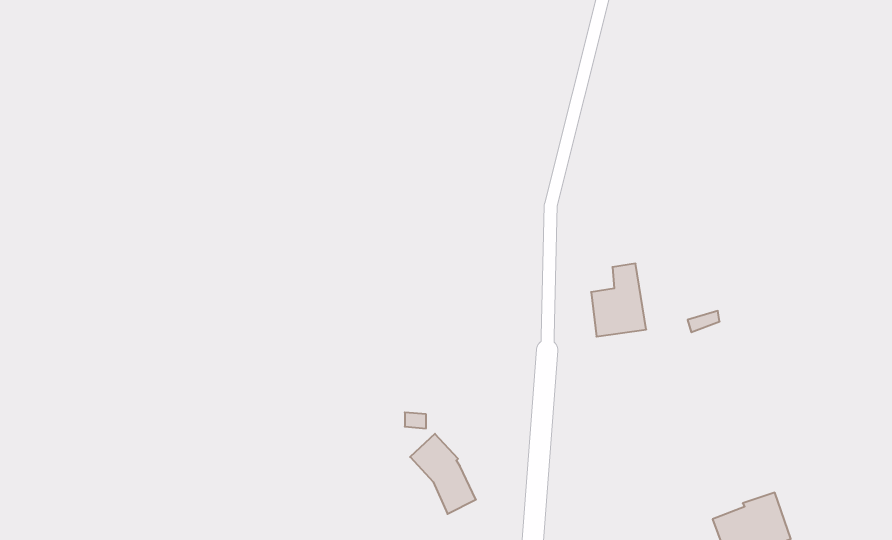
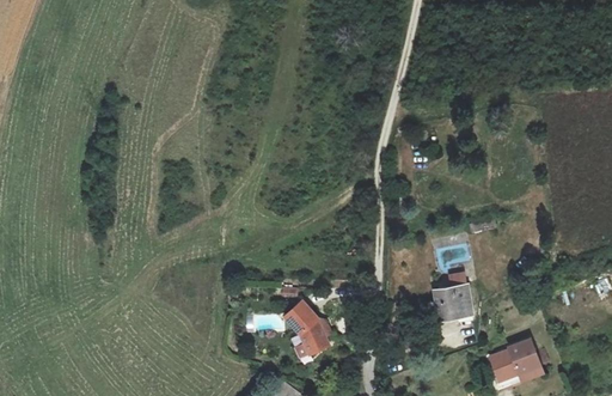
building: [591,264,646,337] -> [434,270,471,319]

